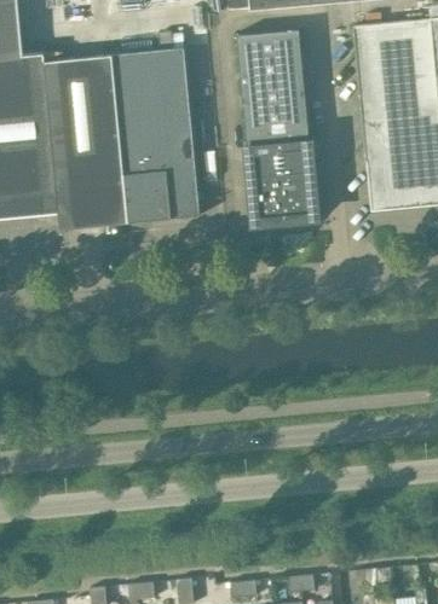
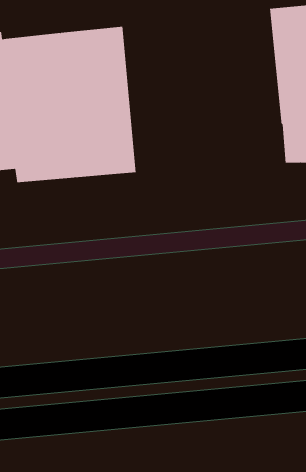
building: [236,30,323,230] -> none

